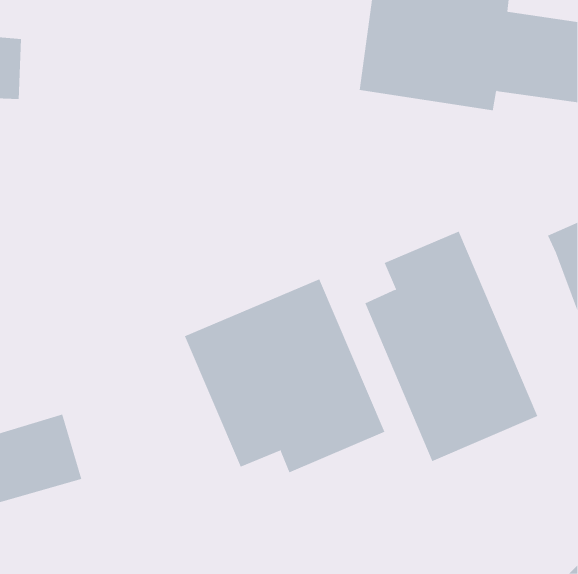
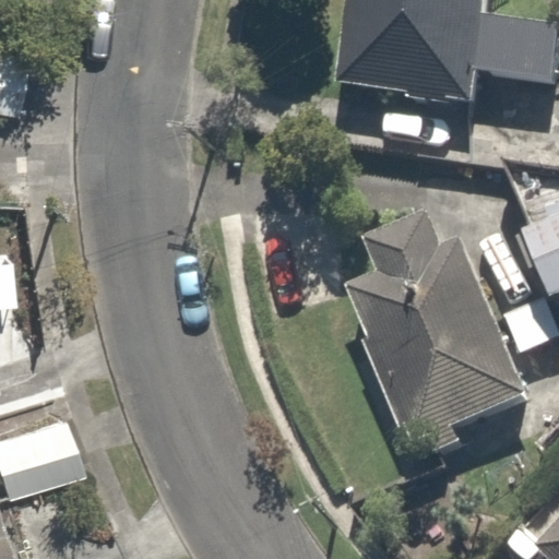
building: [184,279,385,473] -> none

